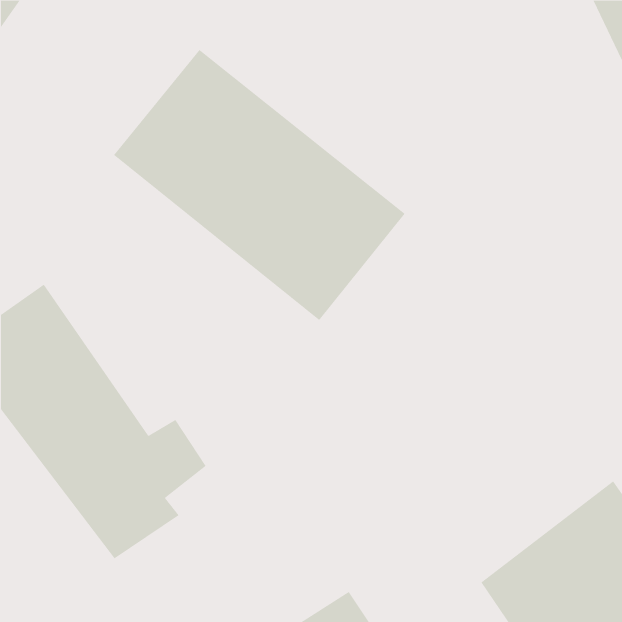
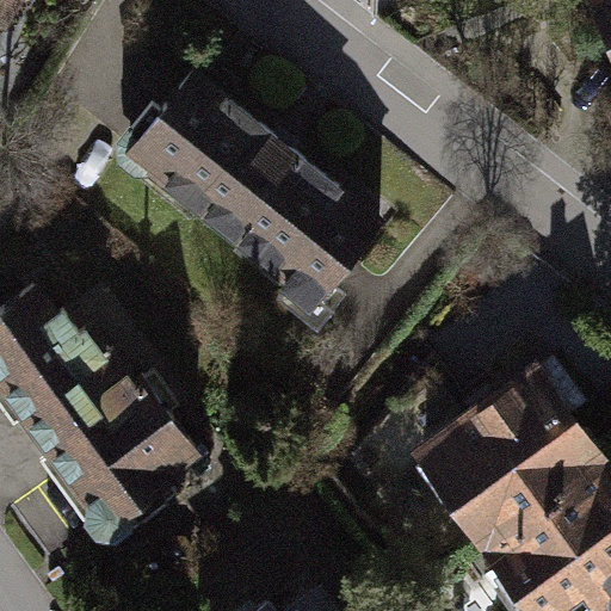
building: none -> [400,378,601,572]

